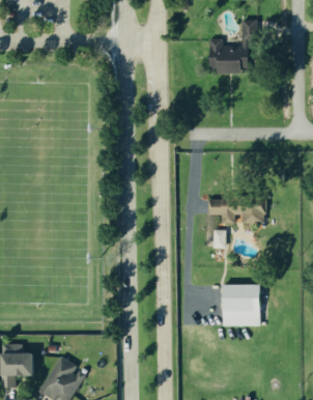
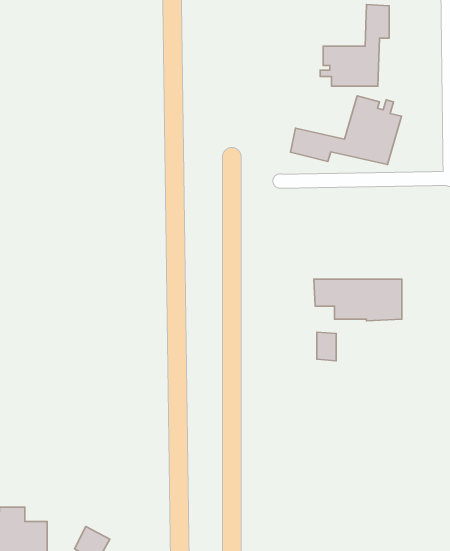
building: none -> [291,96,401,164]
building: [220,284,257,325] -> none

